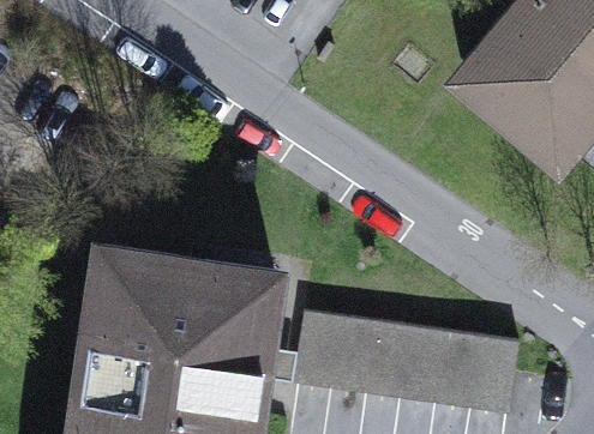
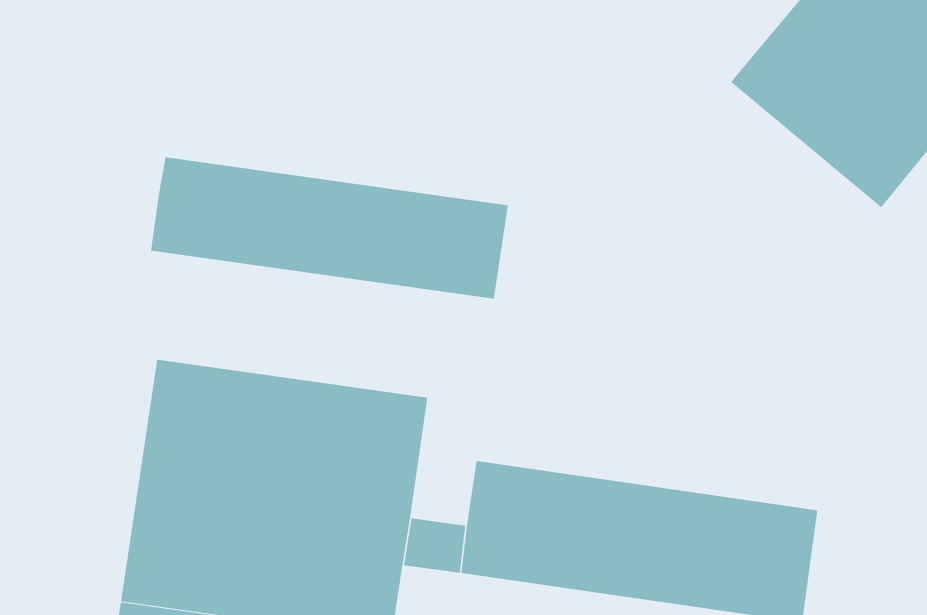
building: none -> [151,156,508,299]

